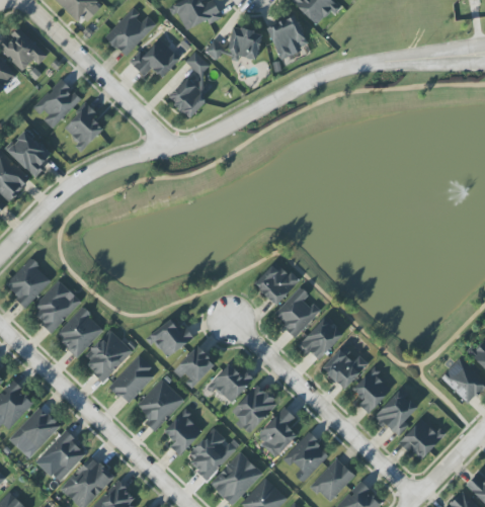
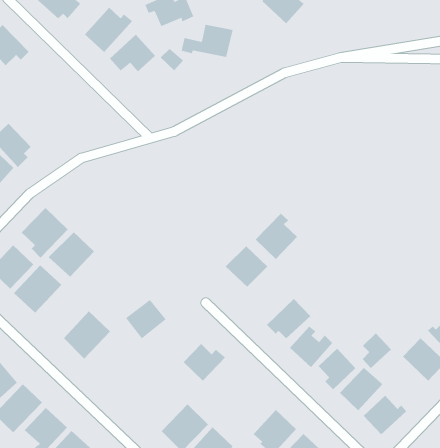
building: [266,15,308,59] -> none
building: [165,72,211,117] -> none
building: [32,79,81,128] -> none
building: [62,102,102,149] -> none
building: none -> [21,207,68,259]
building: [273,286,319,336] -> [255,213,298,260]
building: [55,308,104,356] -> [48,231,95,277]
building: [173,345,216,388] -> none
building: none -> [362,333,392,369]
building: [108,356,156,404] -> none
building: [135,378,184,428] -> none
building: [231,384,277,434] -> none
building: [255,407,298,456] -> none
building: [163,411,204,455] -> none

